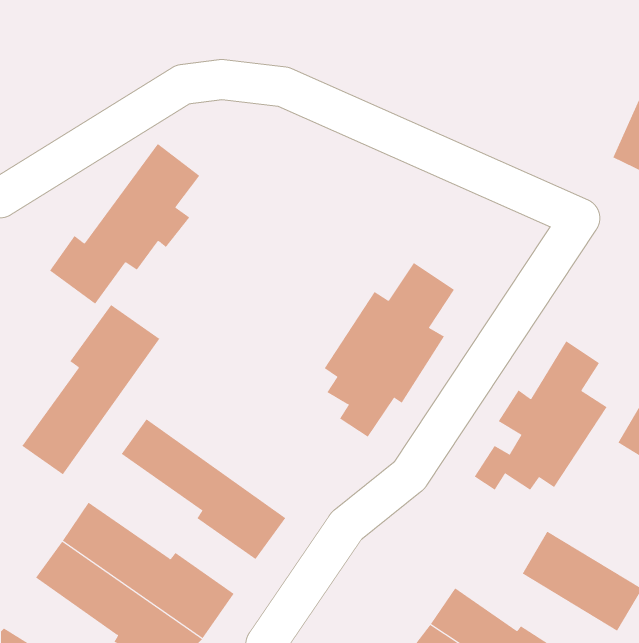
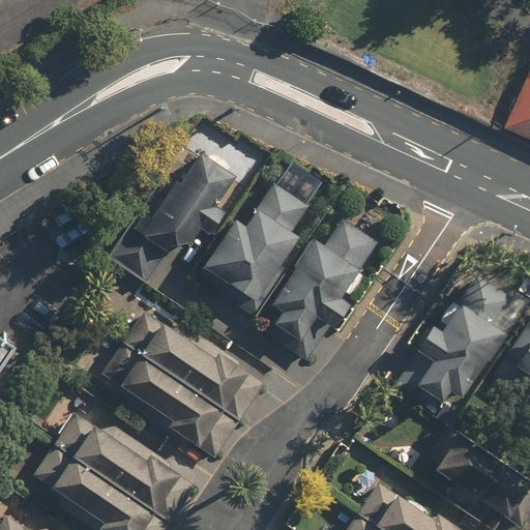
building: [49,143,200,305] -> [109,151,233,284]
building: none -> [200,182,308,302]
building: [22,304,160,475] -> none
building: none -> [124,312,267,426]

